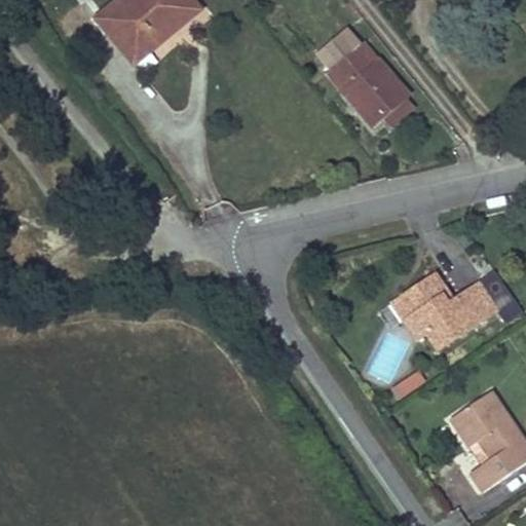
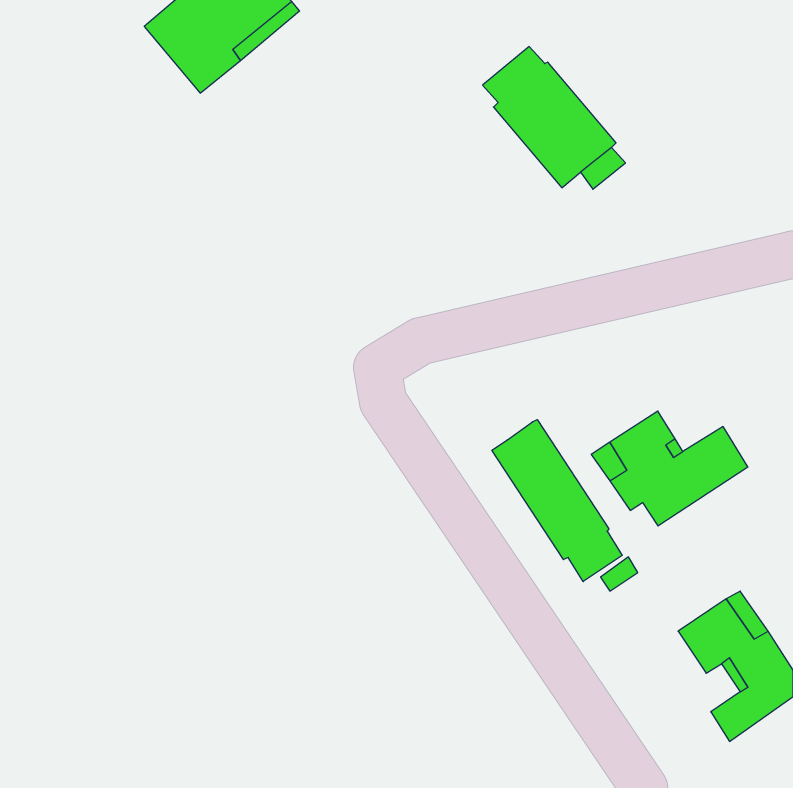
building: none -> [492,420,622,582]

